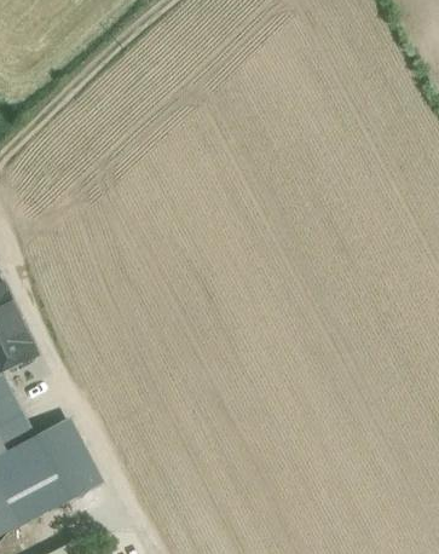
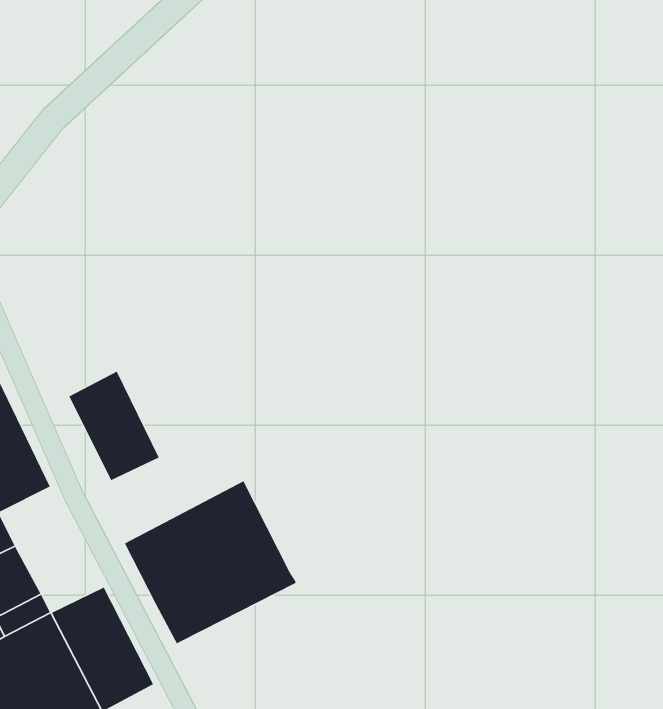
building: none -> [68,370,160,481]
building: none -> [124,480,297,645]

